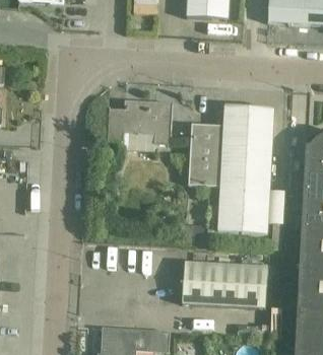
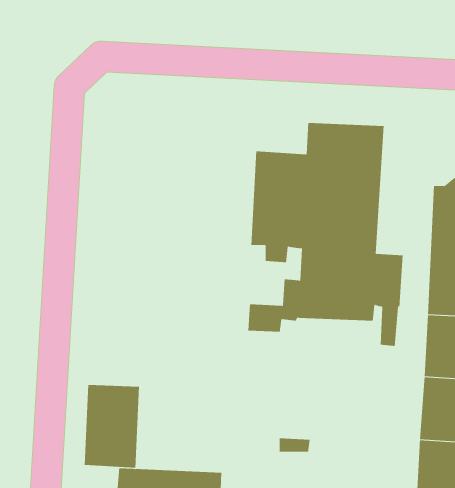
building: [108,98,173,143] -> none
building: [182,261,268,307] -> none
building: none -> [84,384,140,469]

